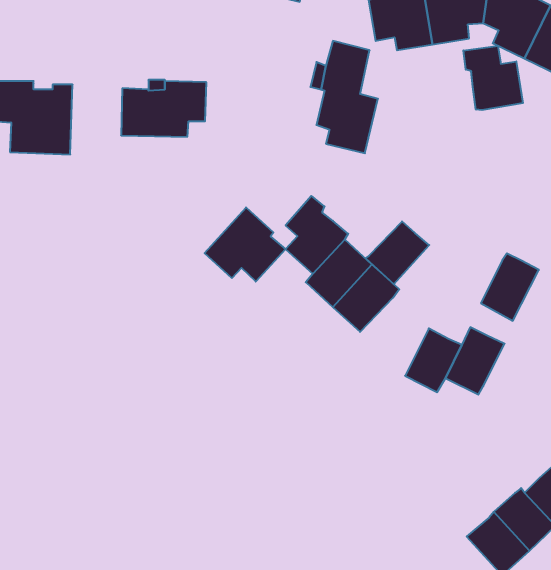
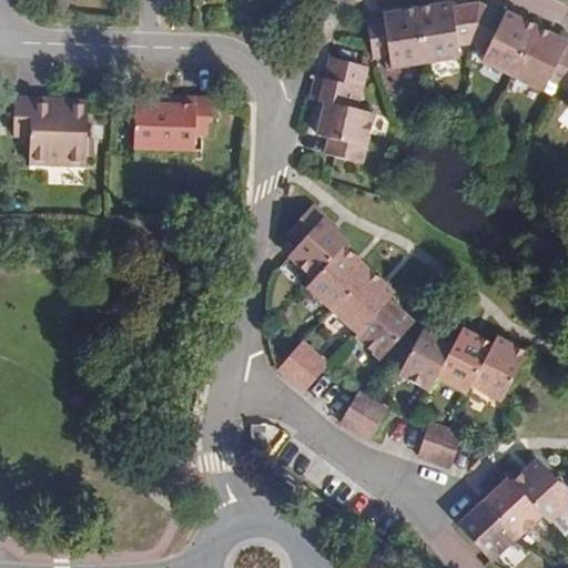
building: [463,46,523,110] -> none
building: [205,207,286,282] -> none
building: [365,221,429,284] -> [354,300,414,358]
building: [481,253,539,321] -> [473,336,527,399]
building: none -> [277,341,328,390]
building: none -> [341,390,387,438]
building: none -> [417,422,460,467]

